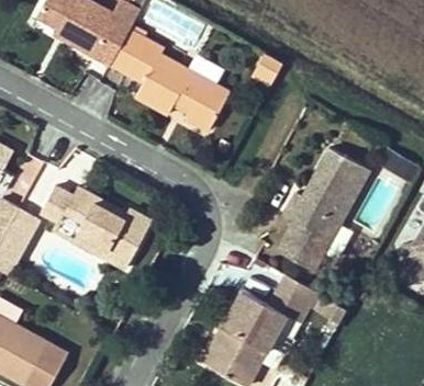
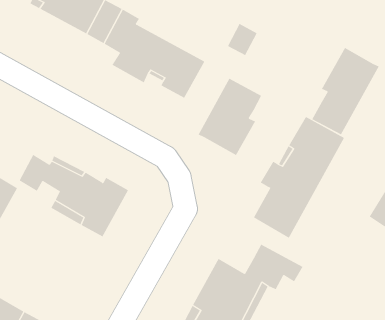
building: none -> [312,47,379,135]
building: none -> [198,78,262,156]

